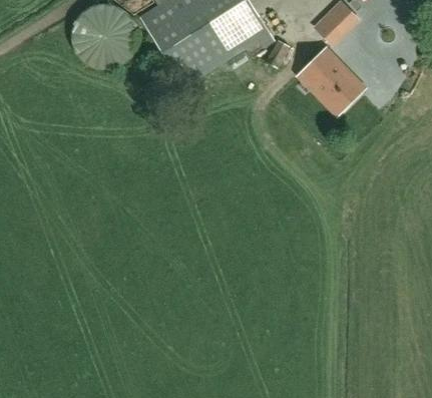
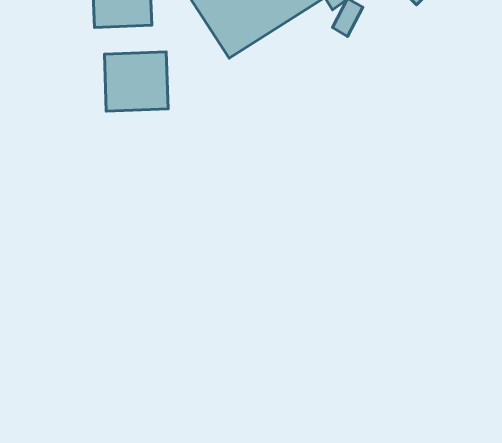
building: [300,49,362,114] -> none
building: none -> [104,52,168,111]

